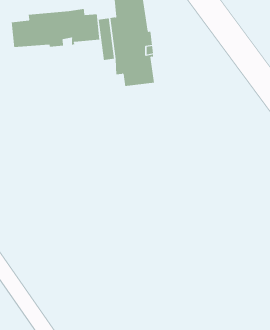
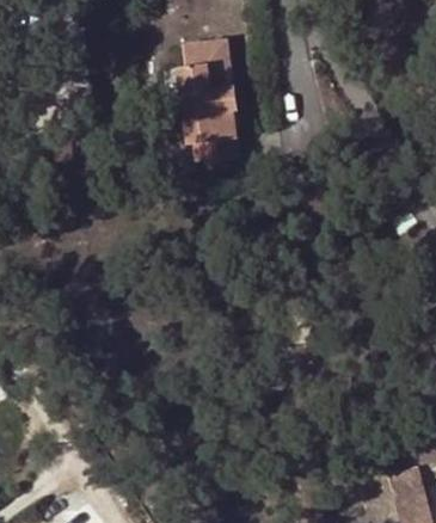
building: [11,8,100,48] -> none

